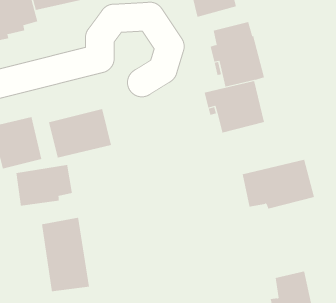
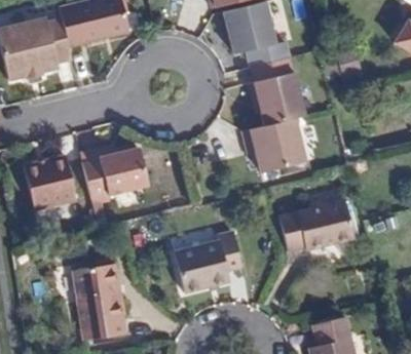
building: [16,164,73,206] -> none
building: none -> [173,231,239,289]

